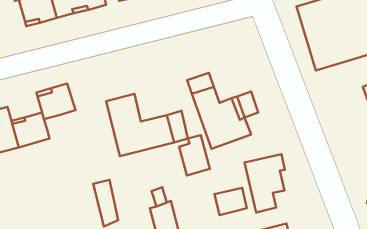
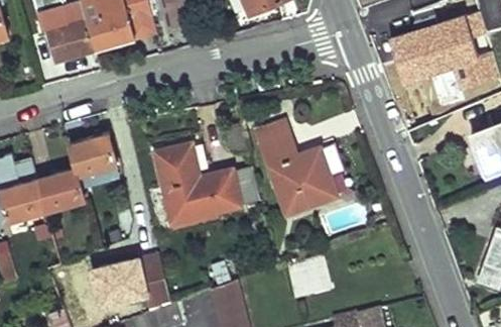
building: [179,135,210,175] -> none
building: [244,154,285,213] -> none
building: none -> [90,258,148,306]

